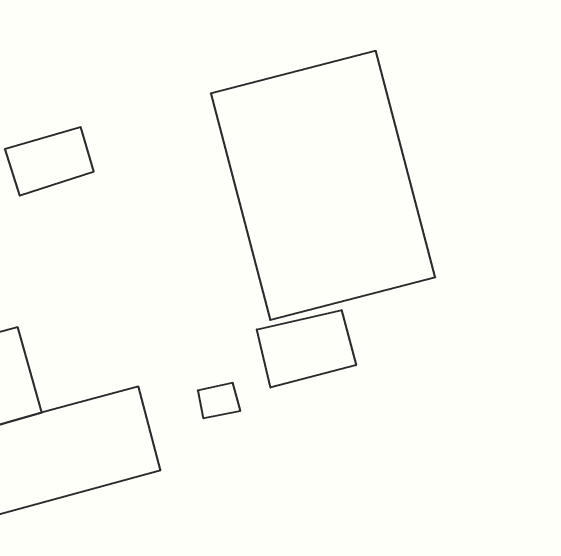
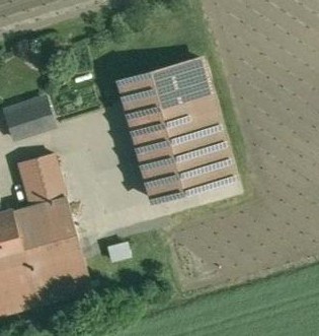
building: none -> [17,151,76,250]
building: [257,310,356,388] -> none

